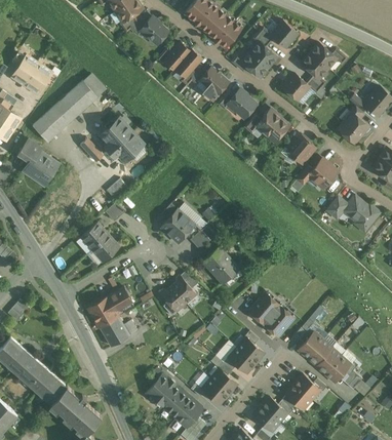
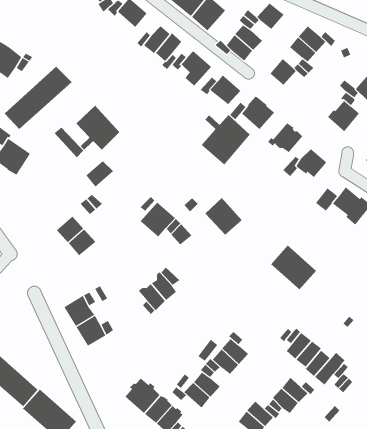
building: none -> [201,114,251,165]
building: [201,246,237,282] -> [204,197,242,235]
building: [248,293,292,336] -> [270,245,317,290]

